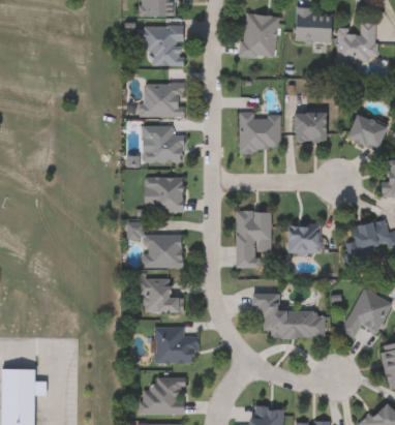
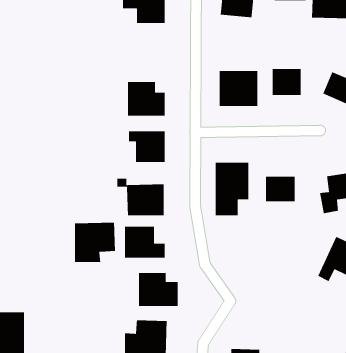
building: [142,83,184,117] -> none
building: none -> [74,222,116,263]
building: [252,293,325,336] -> none

